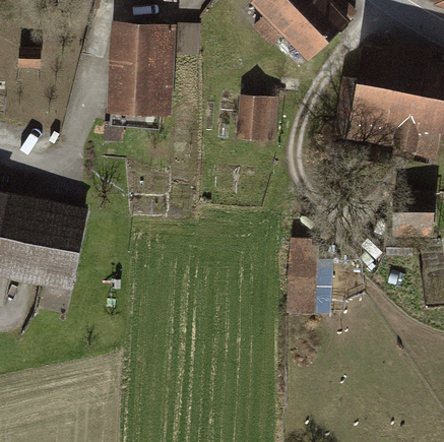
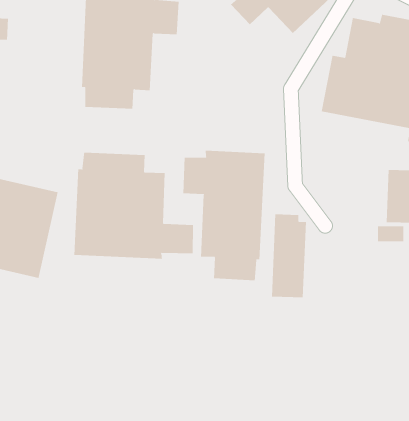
building: [237,96,278,142] -> none
building: none -> [183,150,265,281]
building: none -> [74,152,194,259]

